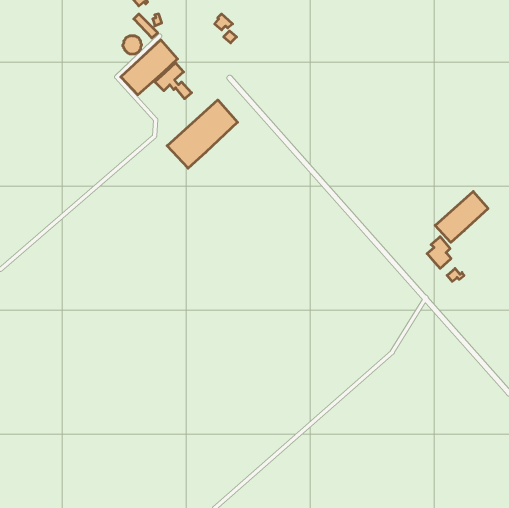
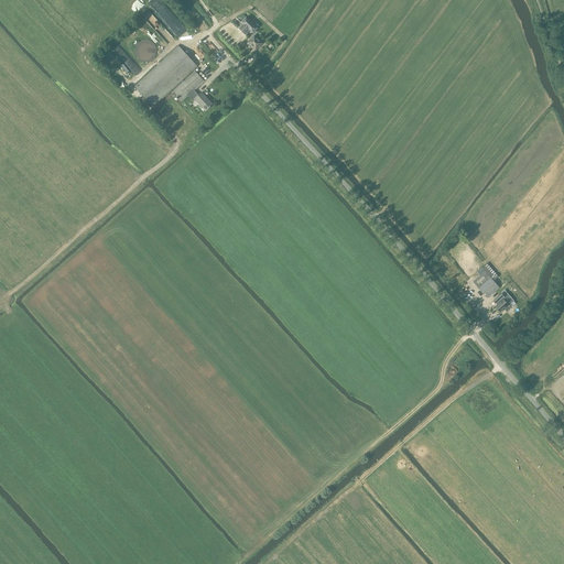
building: [167,100,238,168] -> none
building: [435,191,488,242] -> none

